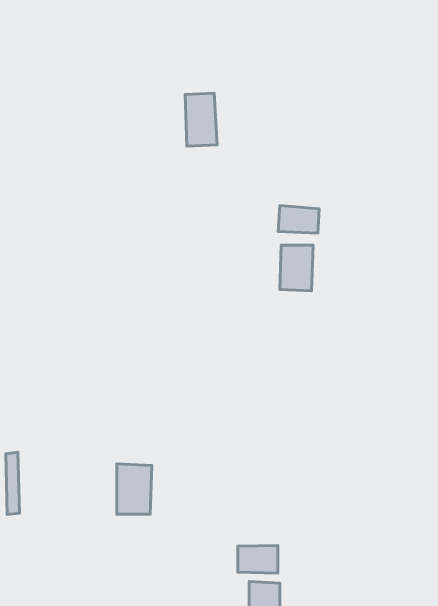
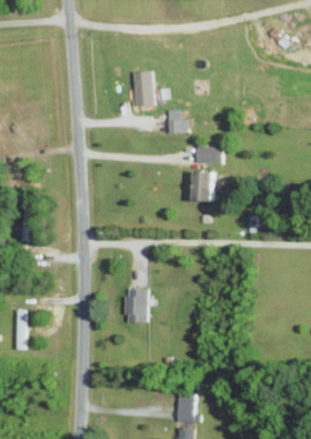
building: none -> [167,110,186,133]
building: [117,464,152,514] -> [126,289,149,322]
building: [238,545,278,573] -> none

